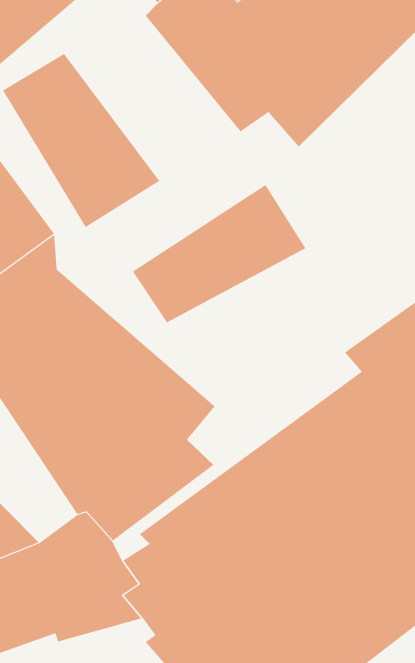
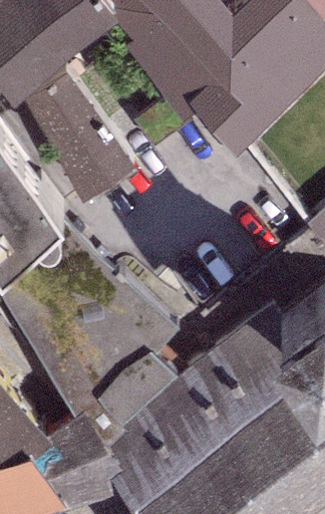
building: [132,184,306,323] -> none

